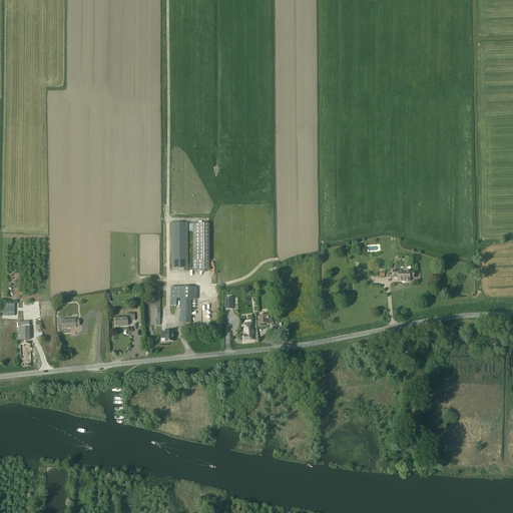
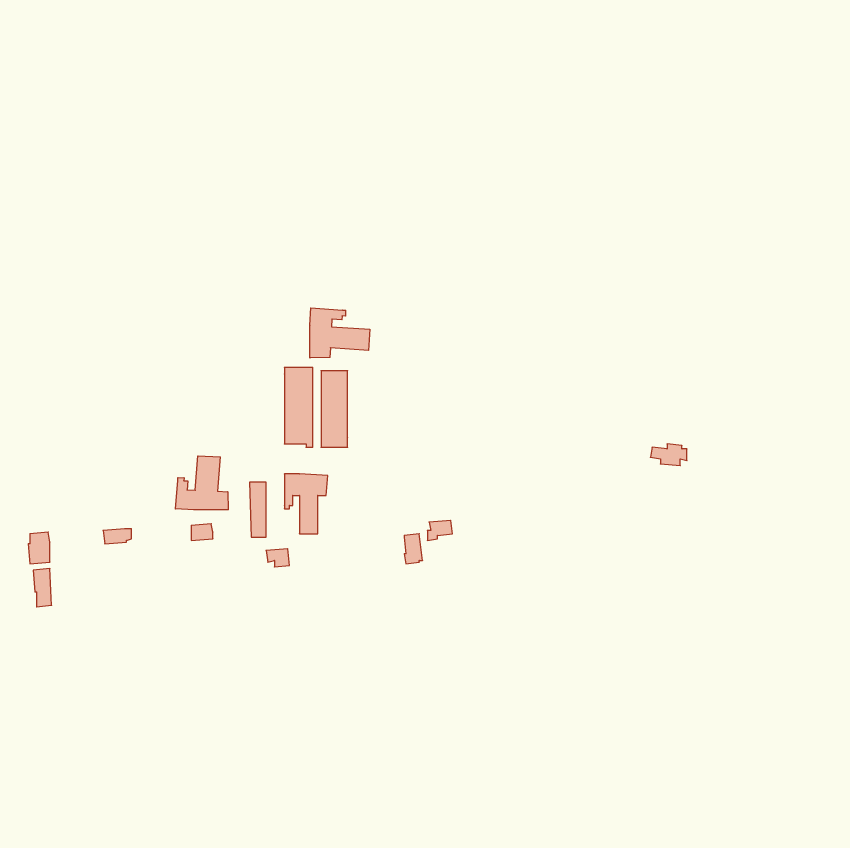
building: none -> [310,308,370,358]
building: none -> [175,456,228,510]

